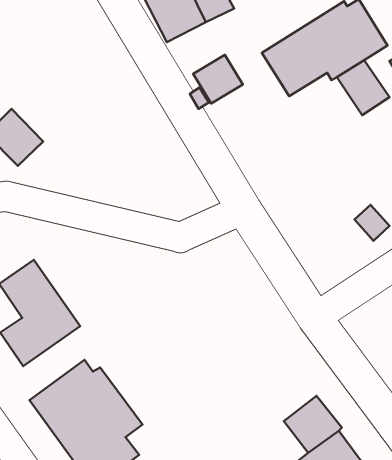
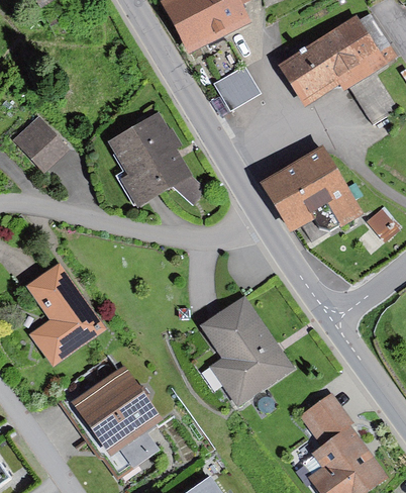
building: none -> [109,112,207,208]
building: none -> [261,144,364,242]
building: none -> [201,296,291,402]

